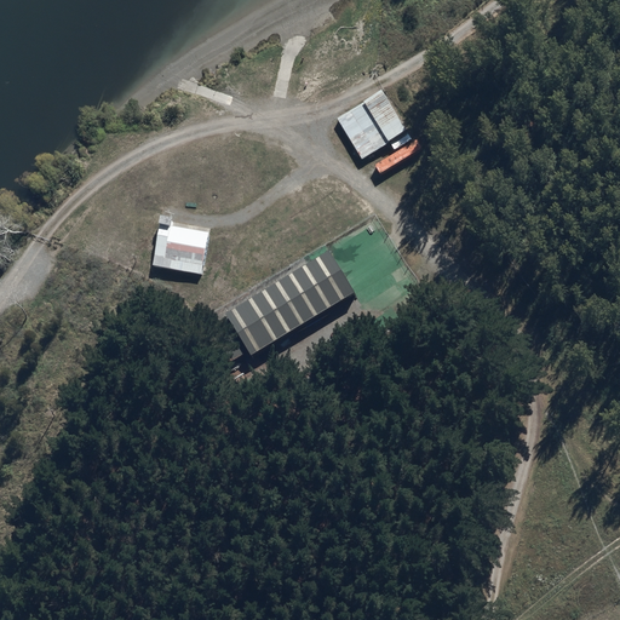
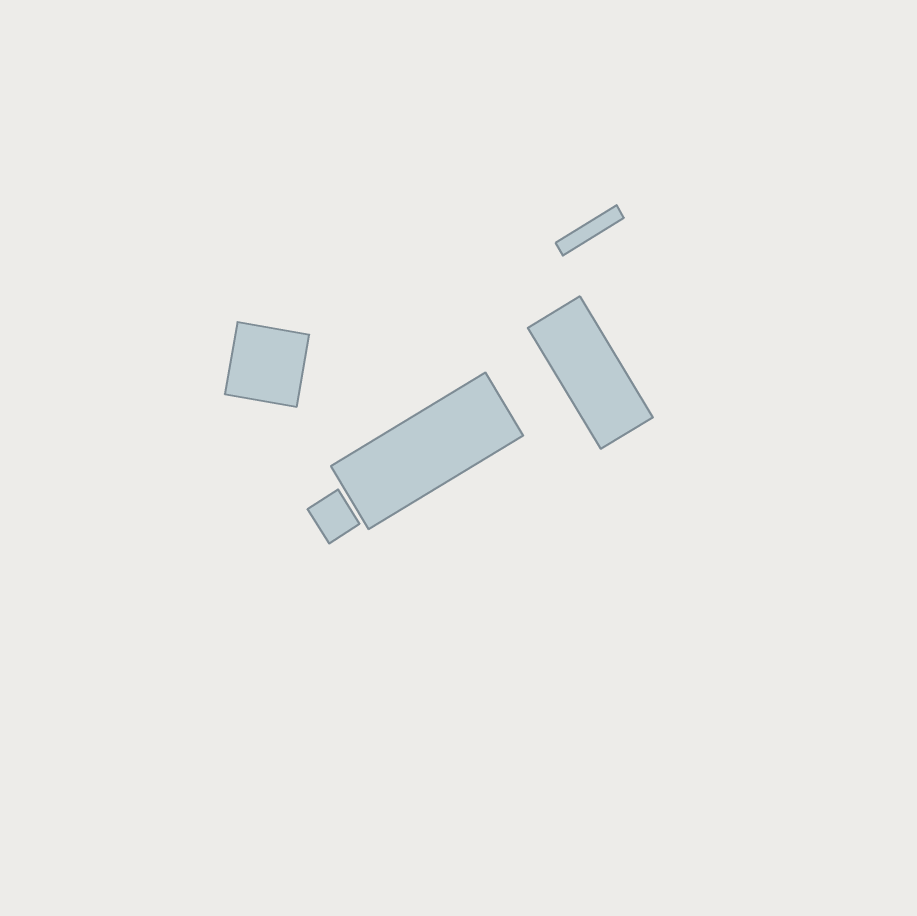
building: [334,87,412,149] -> none
building: none -> [528,296,653,449]

